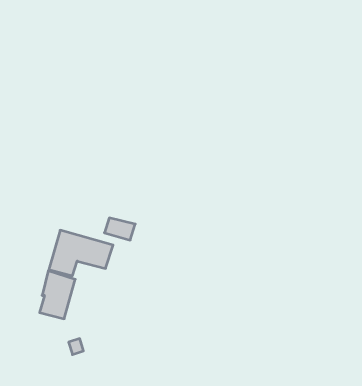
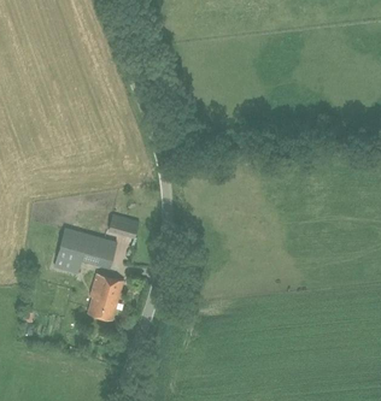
building: [40,271,75,319] -> [88,272,123,319]

